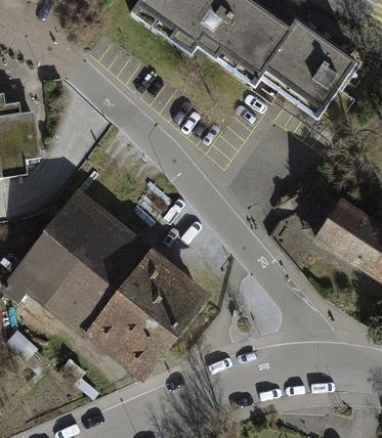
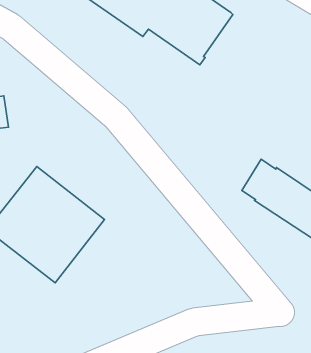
building: [259,19,356,118] -> none
building: [93,259,202,371] -> none

